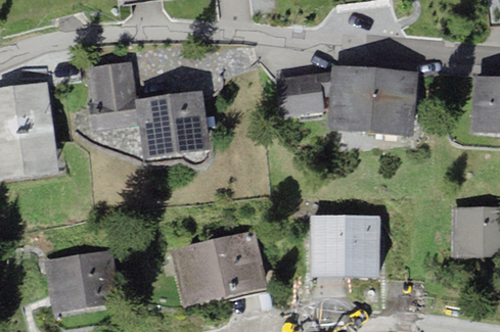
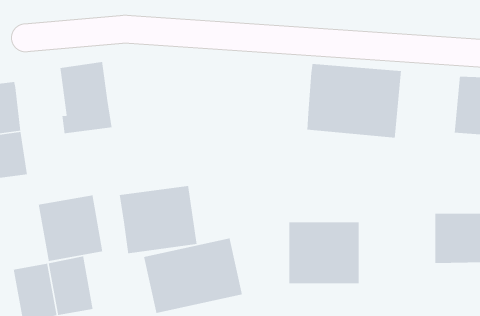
building: [276,74,331,116] -> none
building: [136,91,212,157] -> [119,185,197,254]
building: none -> [38,195,103,262]

